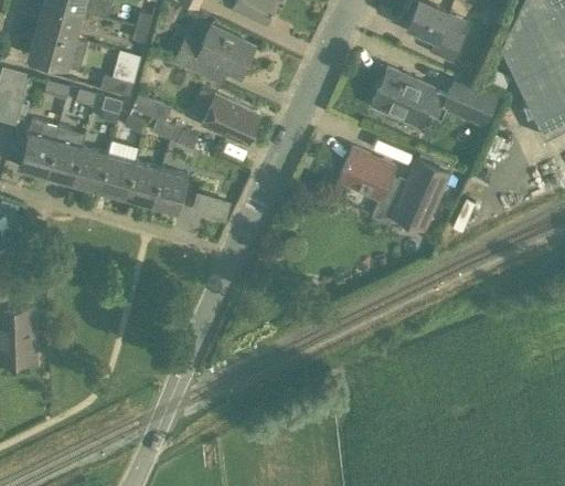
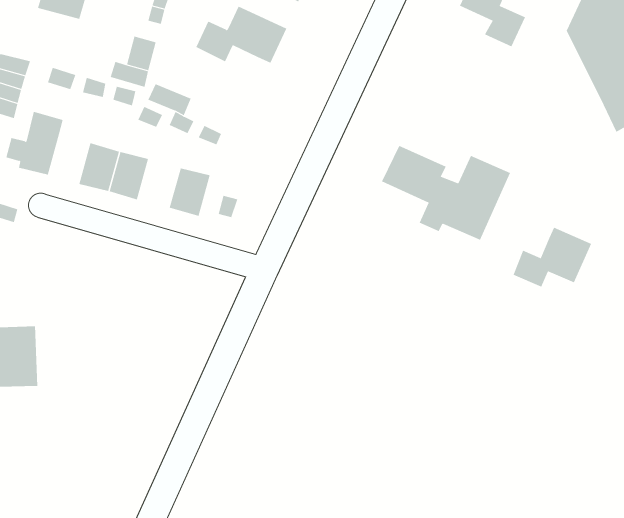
building: [28,29,87,67] -> none
building: [372,70,499,127] -> none
building: [201,95,260,146] -> none
building: [45,127,85,183] -> none
building: [124,161,161,204] -> none
building: none -> [513,227,592,287]

